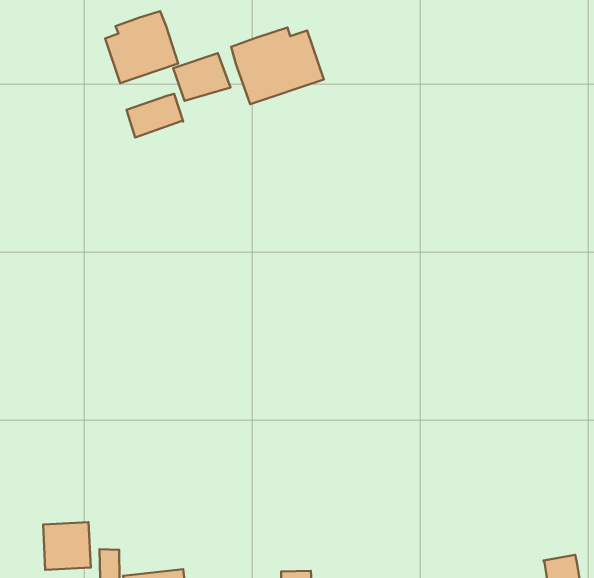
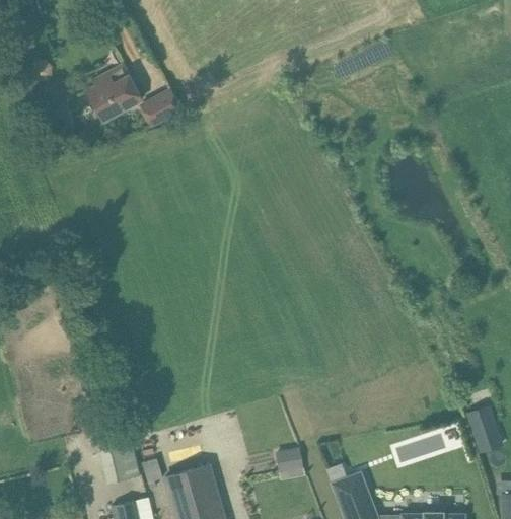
building: [231,28,324,104] -> none
building: [127,94,183,138] -> none

